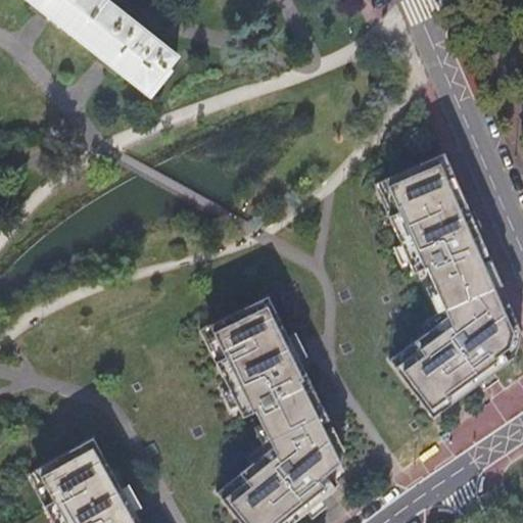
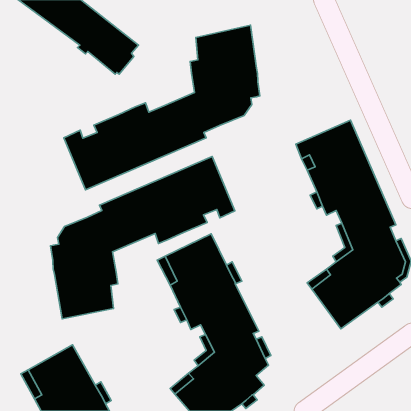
building: none -> [64,25,260,190]
building: none -> [50,156,235,319]

